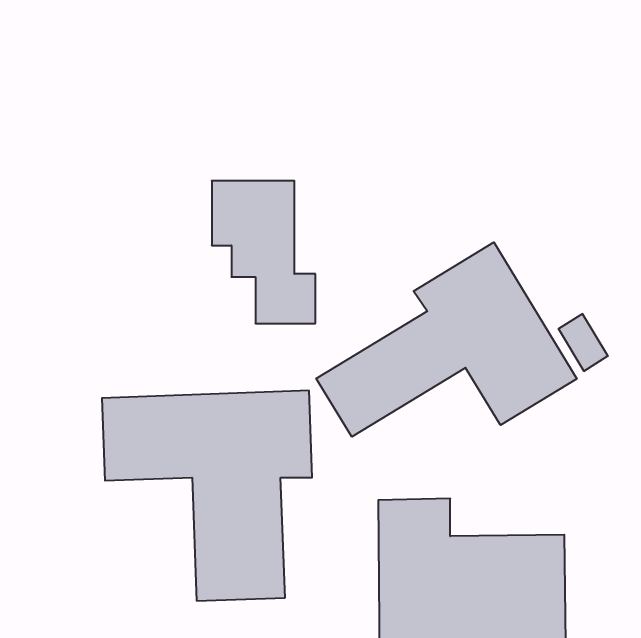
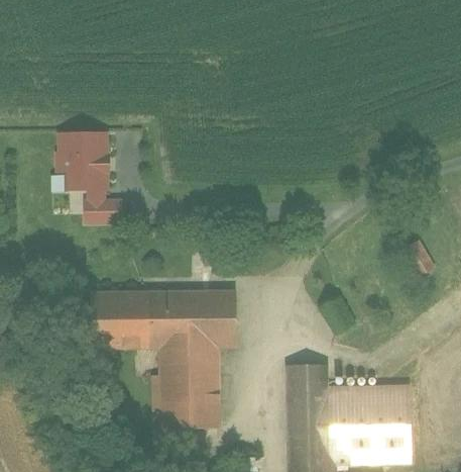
building: [212,181,315,323] -> [56,127,126,223]
building: [316,242,577,437] -> none

